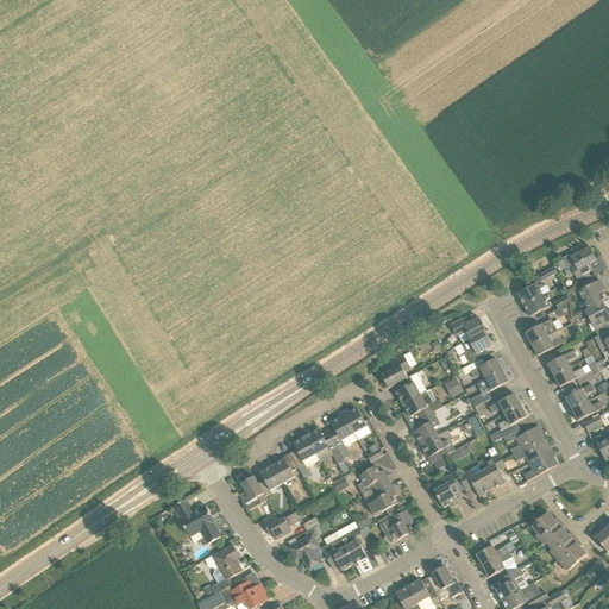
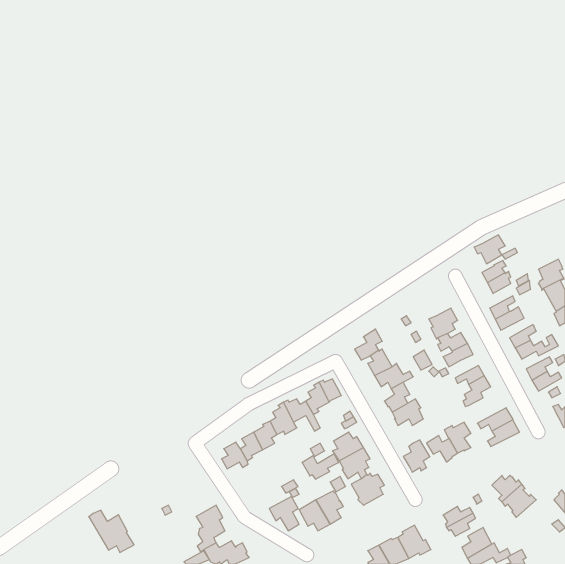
building: [563,246,596,277] -> [474,235,505,264]
building: [450,315,486,341] -> none
building: [503,425,544,454] -> none
building: [172,498,221,544] -> [89,510,134,552]
building: [262,510,301,538] -> [302,454,339,479]
building: [554,536,586,569] -> none

